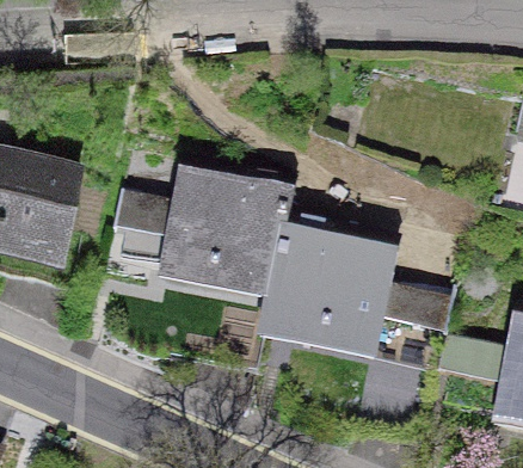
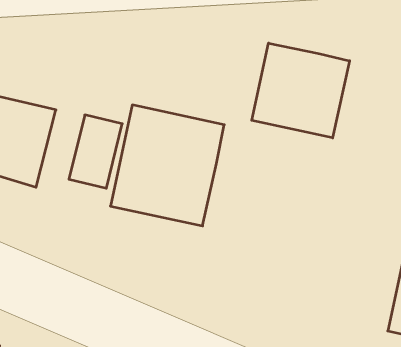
building: none -> [252,43,350,138]
building: [258,227,398,365] -> none

